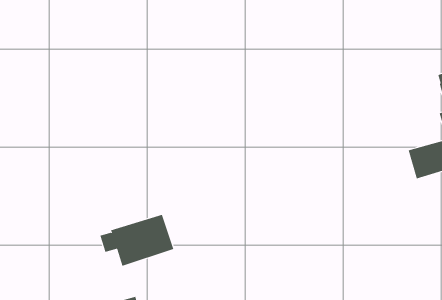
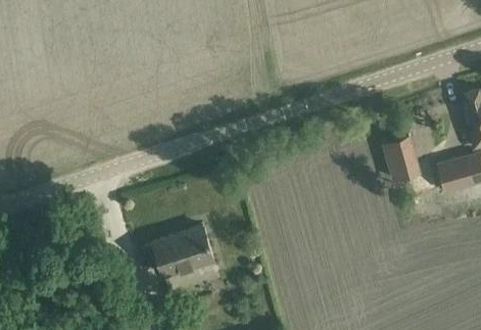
building: none -> [384,138,419,181]

